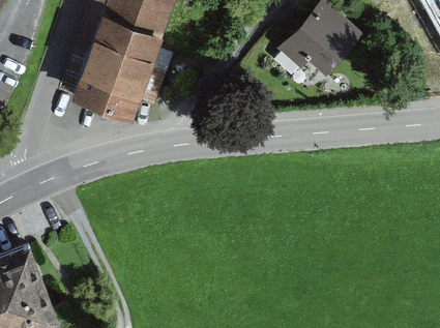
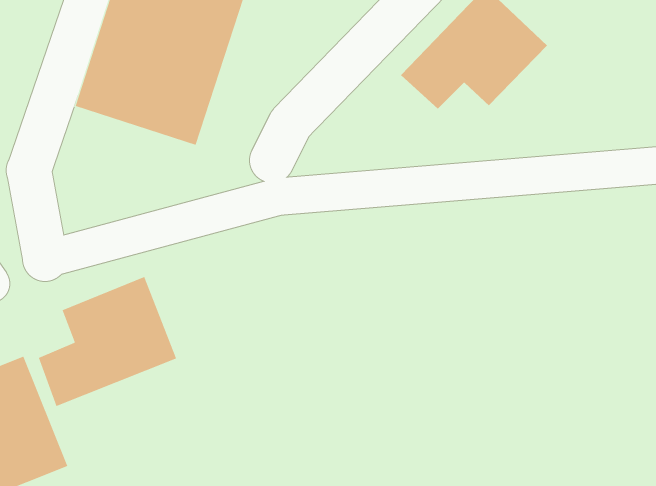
building: none -> [38,276,177,407]

